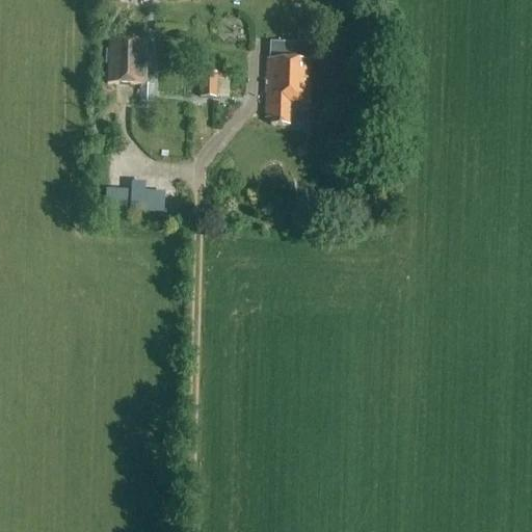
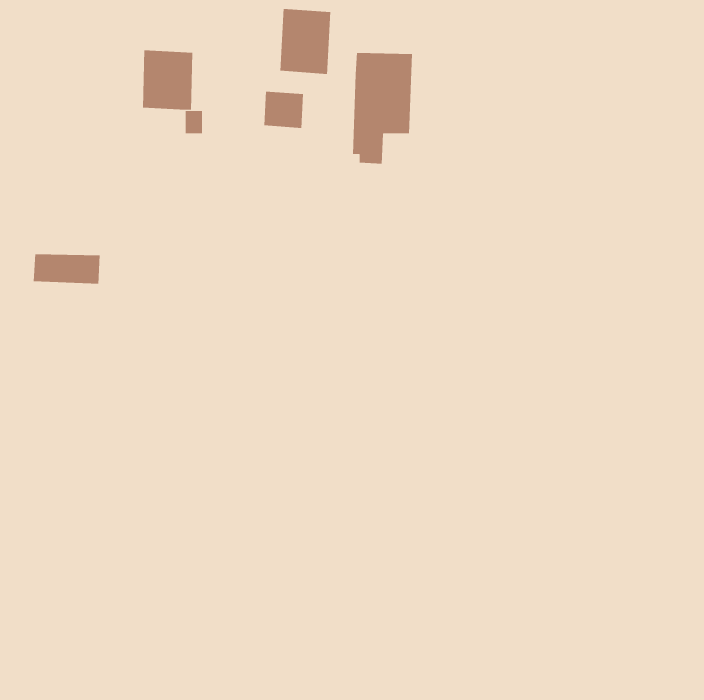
building: none -> [280,8,331,75]
building: [112,185,163,208] -> [33,254,101,284]

